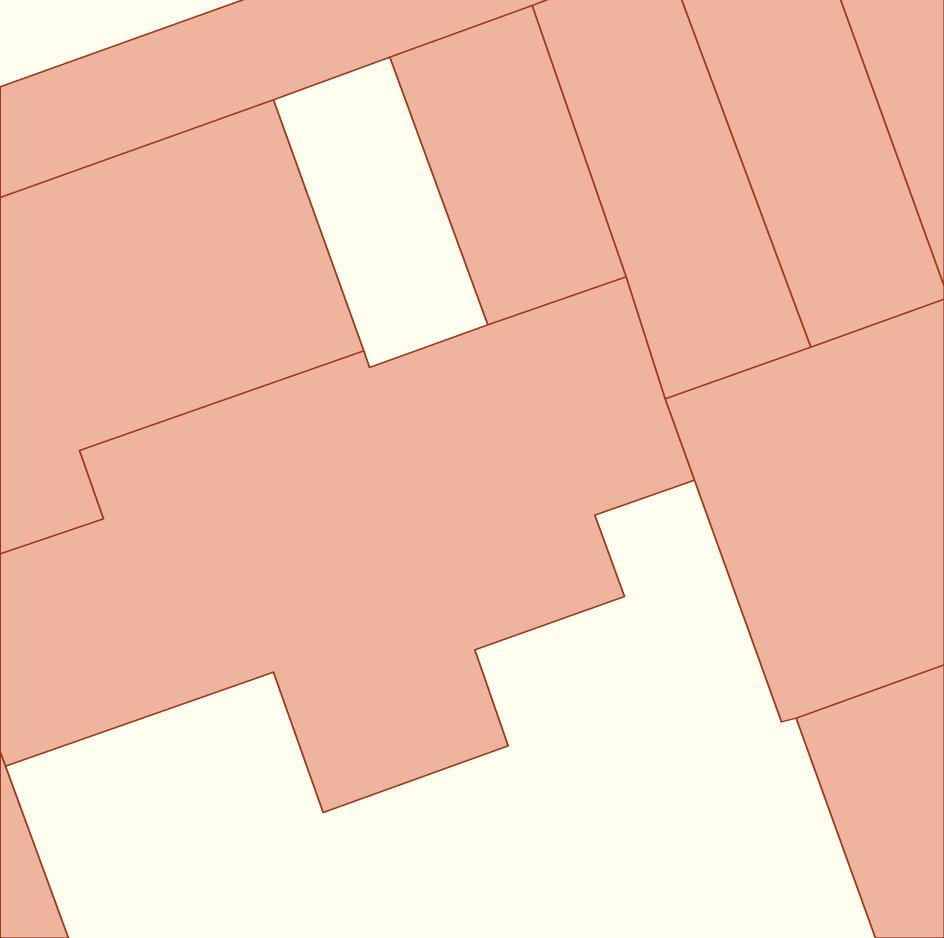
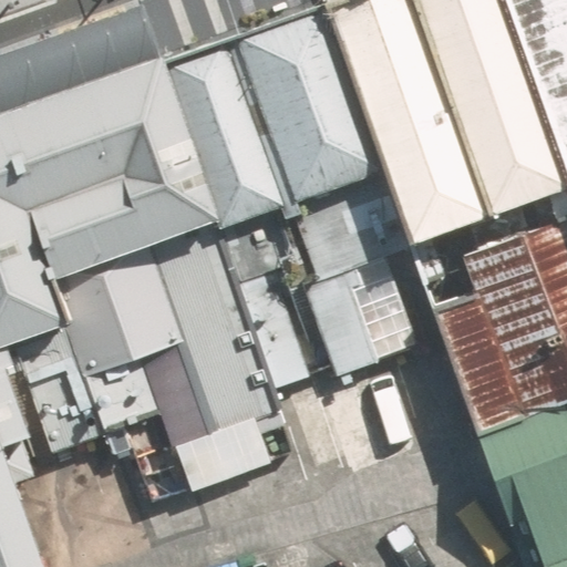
building: none -> [164,34,292,220]

